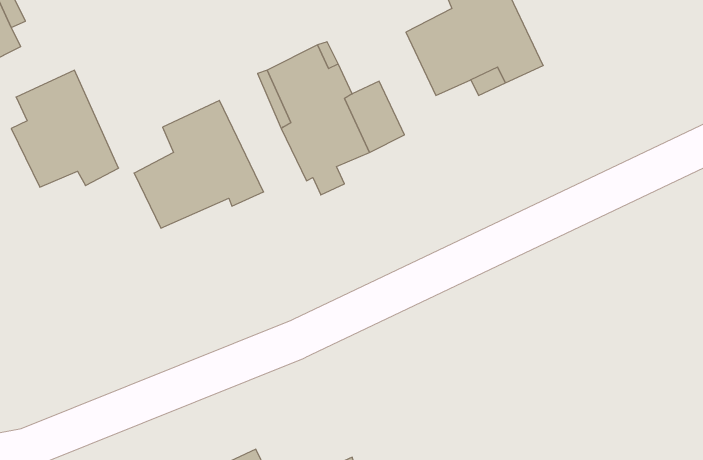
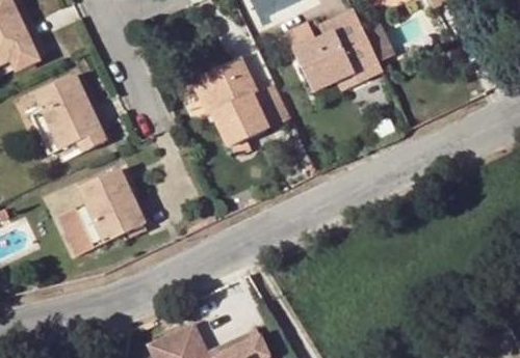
building: [134,100,264,228] -> [60,168,146,252]

